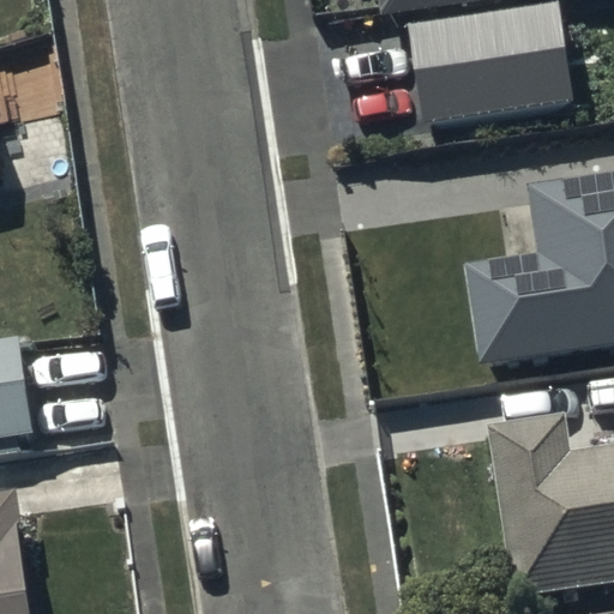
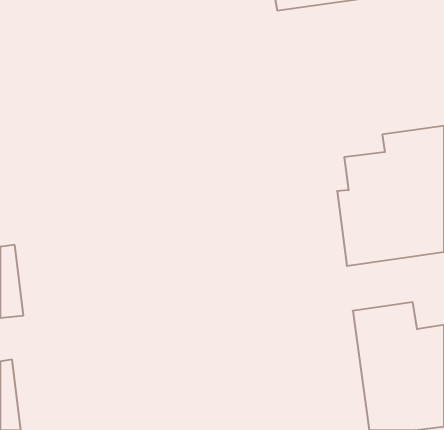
building: [410,7,577,127] -> none

